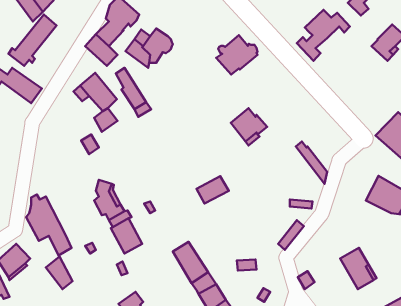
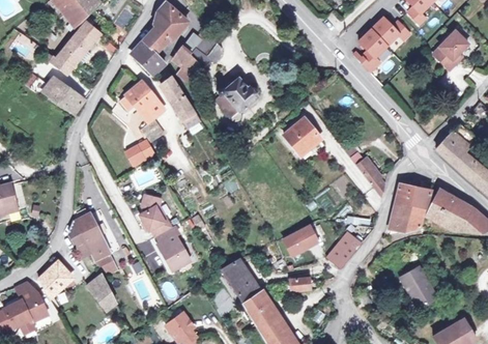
building: [216,35,258,74] -> [214,76,258,117]
building: none -> [389,182,431,230]
building: [196,176,229,204] -> [284,225,318,254]

